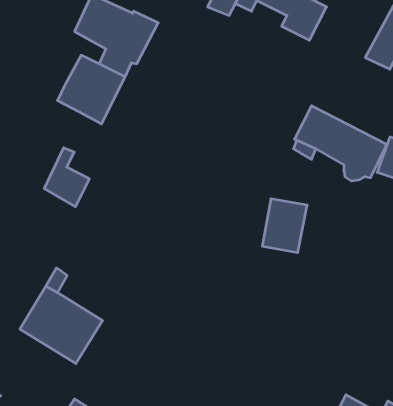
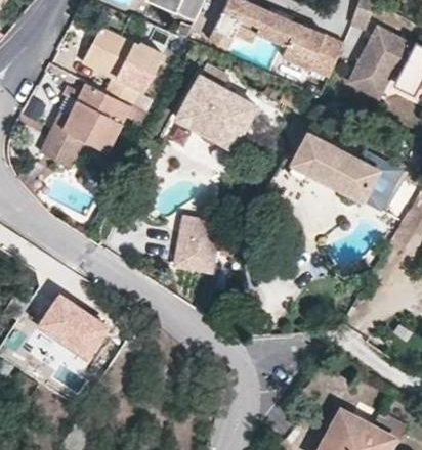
building: none -> [305,38,341,81]
building: none -> [175,73,255,148]
building: [44,148,89,207] -> [43,108,86,165]
building: [262,199,307,253] -> [173,218,216,269]

